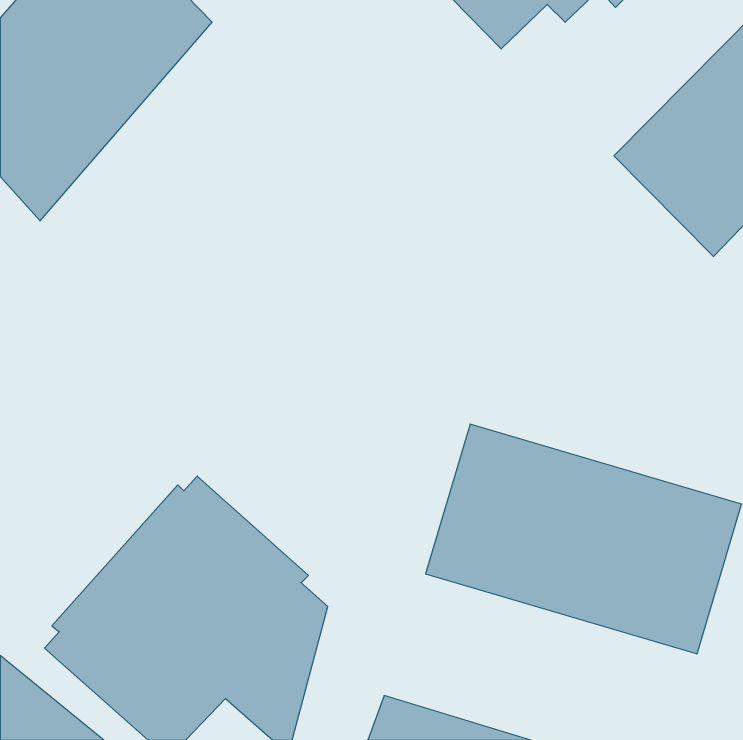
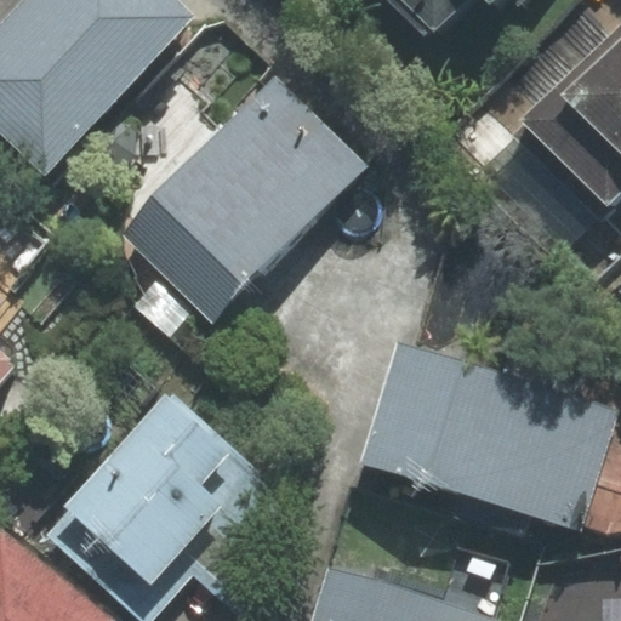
building: none -> [121,75,368,320]

